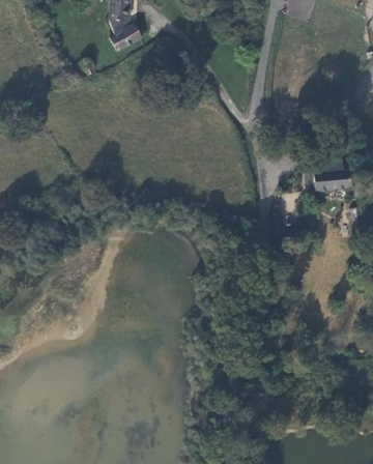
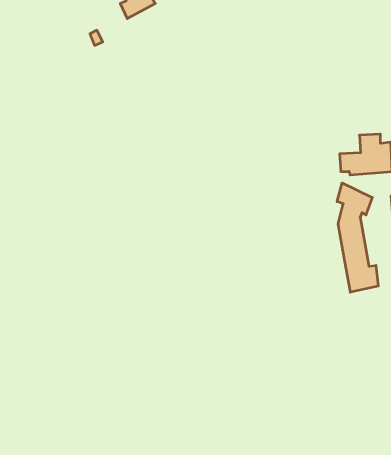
building: none -> [337,183,378,292]

